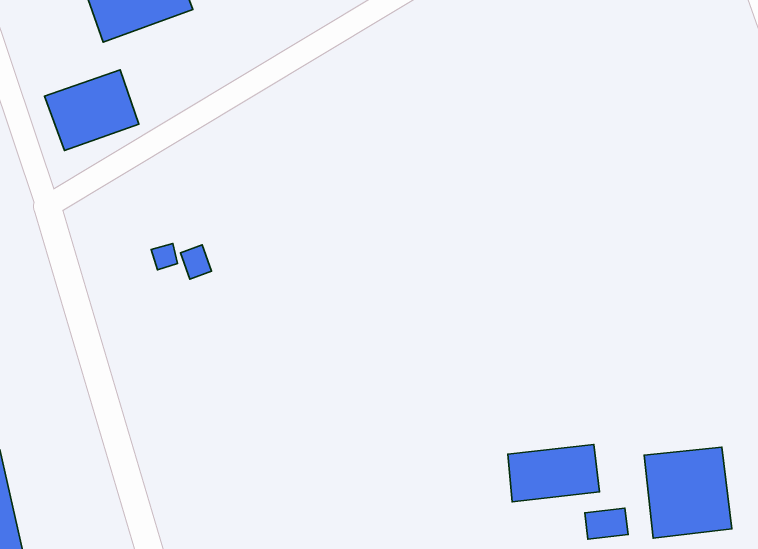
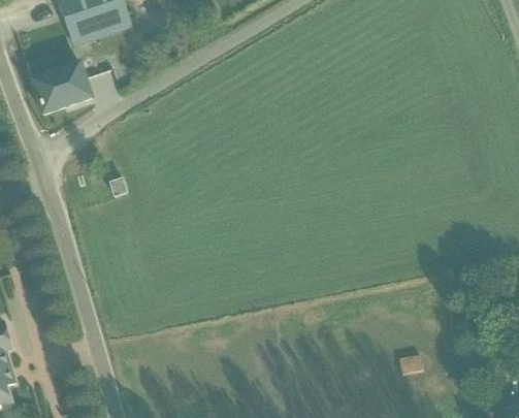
building: [508,445,600,502] -> none
building: [644,447,732,538] -> none

